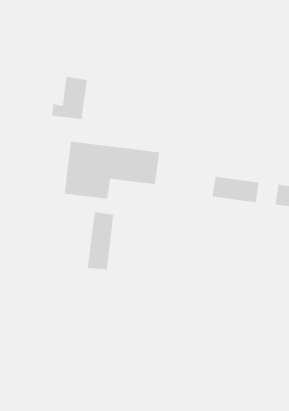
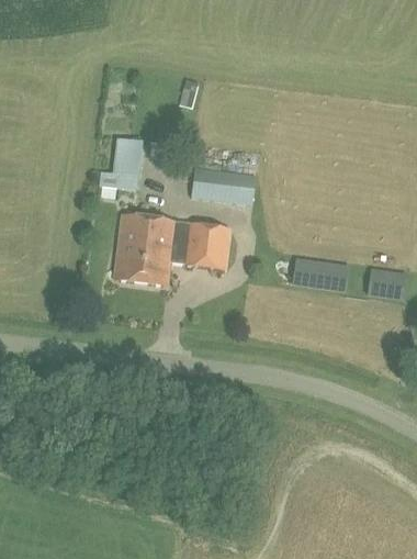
building: none -> [191,168,256,205]
building: [87,211,114,270] -> none

